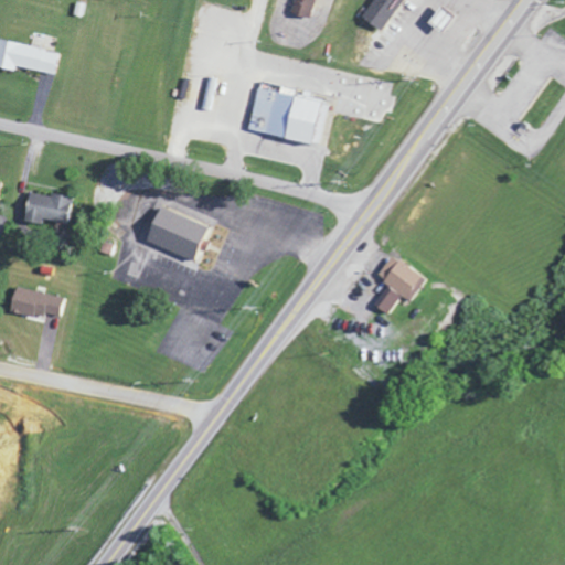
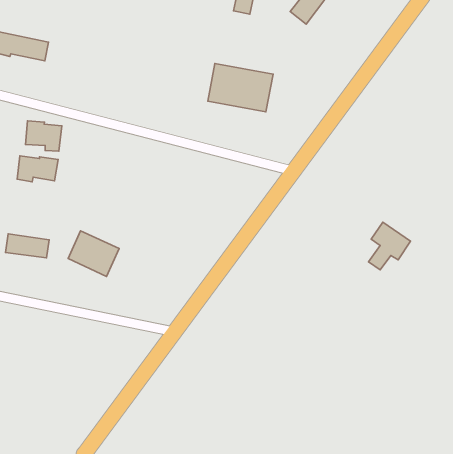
building: none -> [26,121,62,151]
building: [145,206,207,263] -> [68,231,119,276]
building: [372,255,424,313] -> [369,222,411,270]

